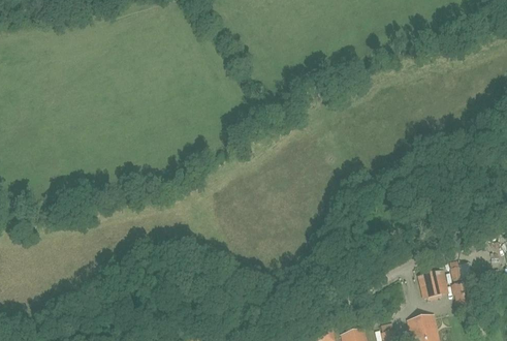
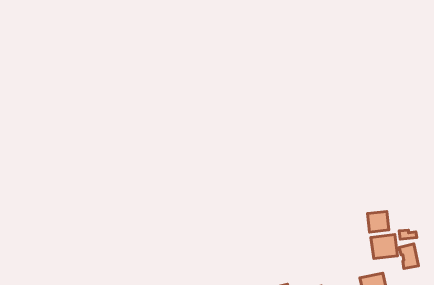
building: none -> [368,211,389,232]

